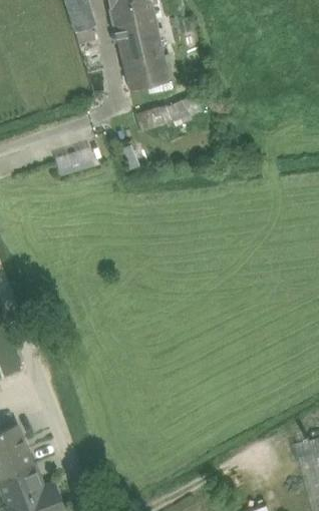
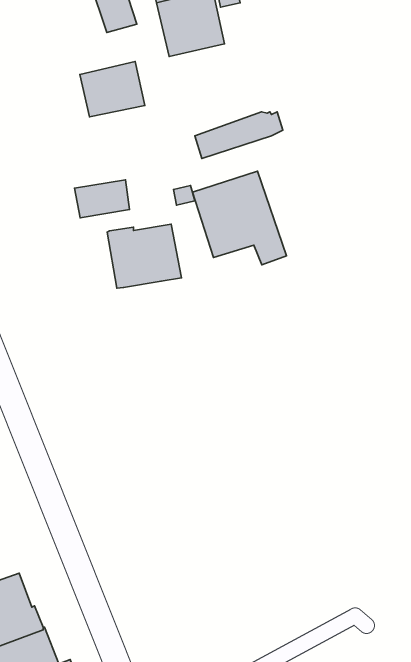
building: [121,51,168,90] -> [80,62,145,117]
building: none -> [192,171,286,265]
building: none -> [107,224,182,288]

